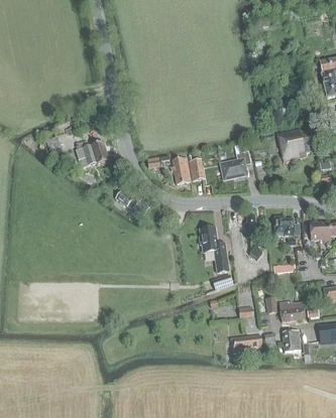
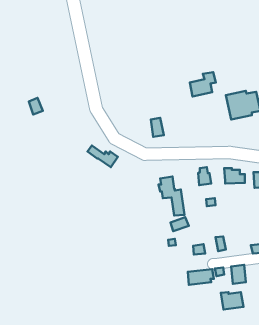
building: [72,140,108,171] -> none
building: [220,151,250,179] -> [190,72,216,96]
building: [172,156,191,183] -> none
building: [278,301,305,321] -> [221,292,243,309]

